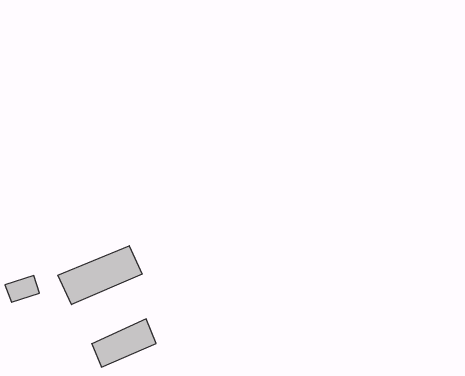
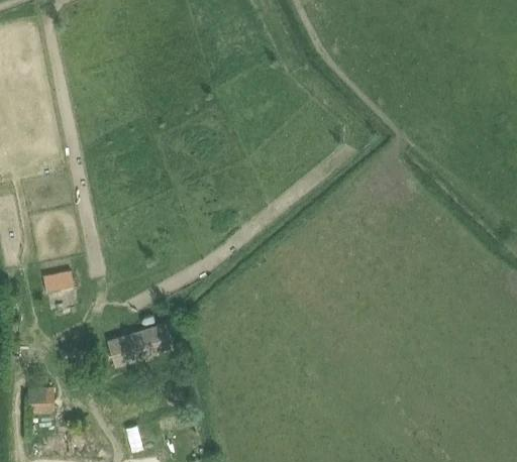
building: [58,246,142,305] -> none

